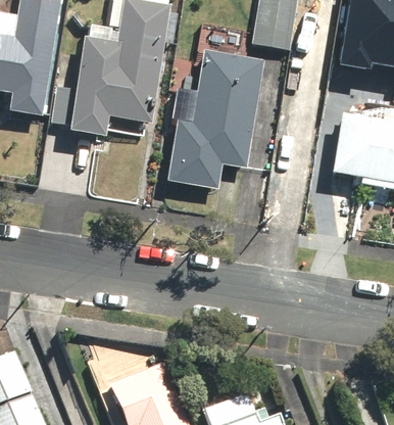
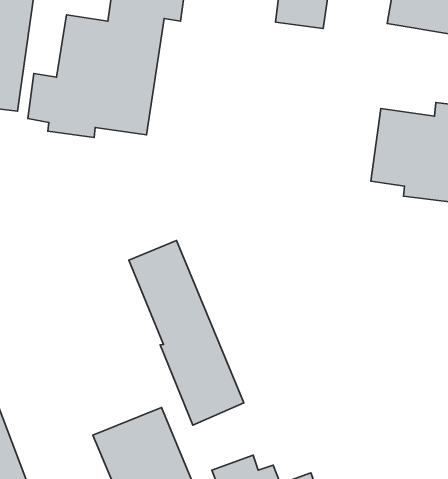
building: [164,51,262,189] -> none
building: none -> [129,240,244,425]

